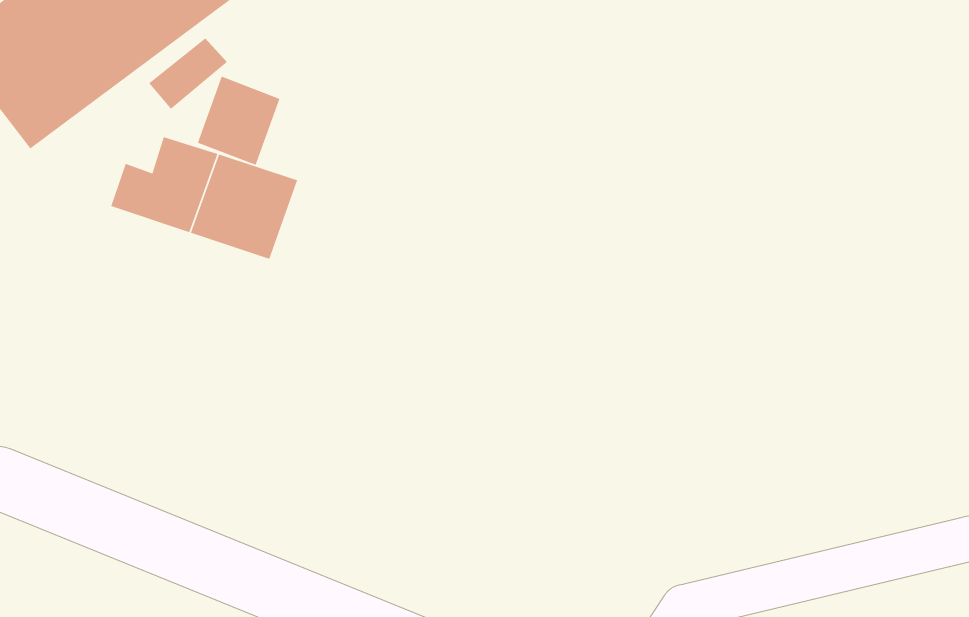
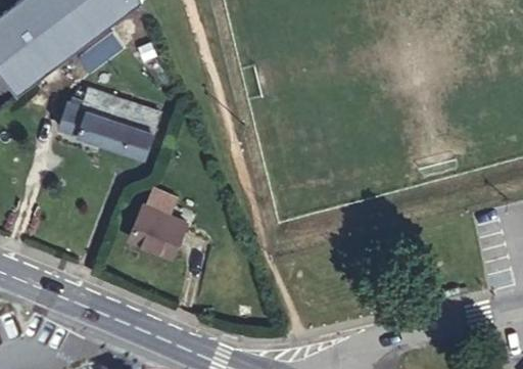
building: [197,76,280,166] -> none
building: none -> [129,203,187,256]

